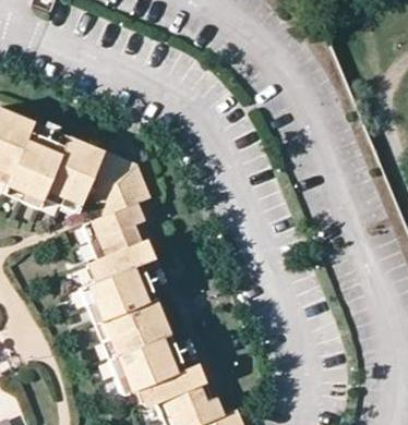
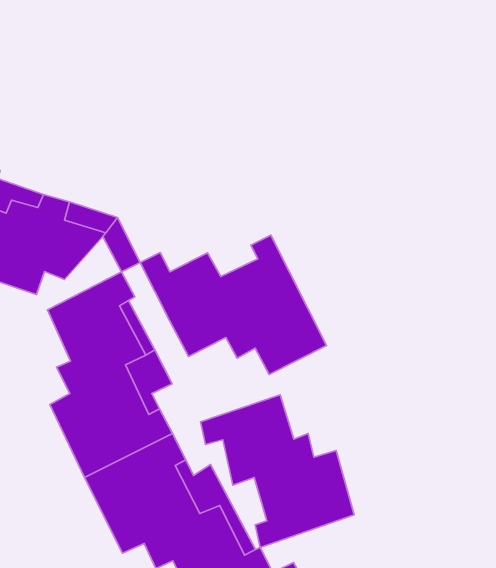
building: none -> [140,235,327,374]
building: none -> [200,395,354,548]

